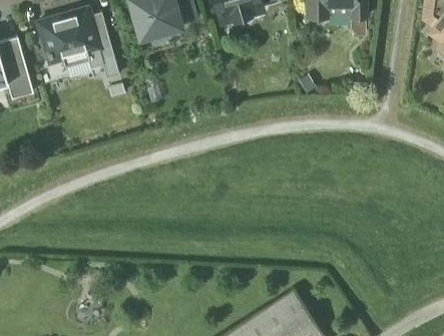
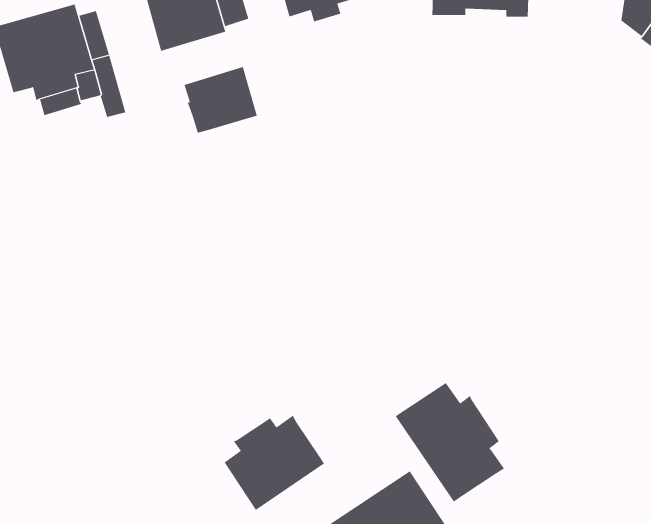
building: none -> [184,66,258,134]
building: none -> [395,382,505,503]
building: none -> [224,415,325,511]

